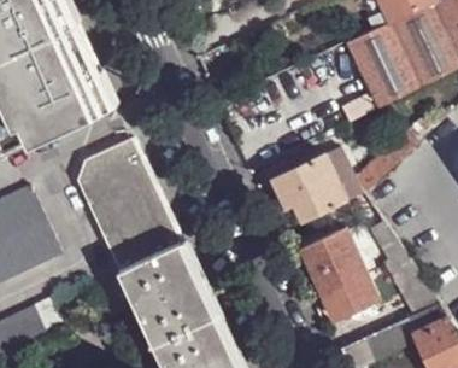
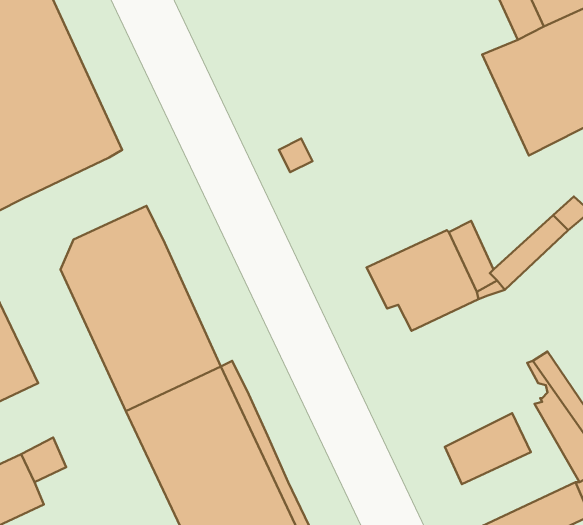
building: [303,228,368,294] -> none

